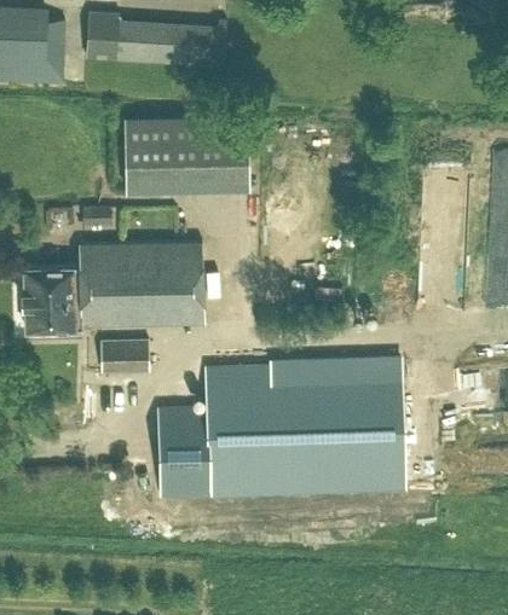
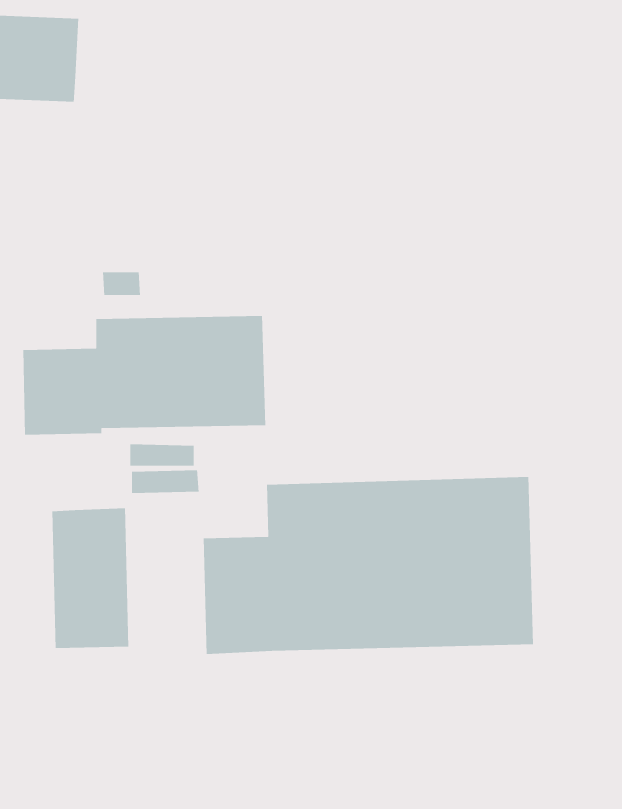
building: [85,12,226,69] -> none
building: [120,116,246,193] -> none
building: none -> [51,507,129,649]

